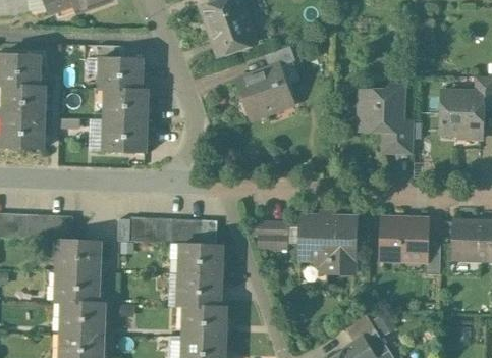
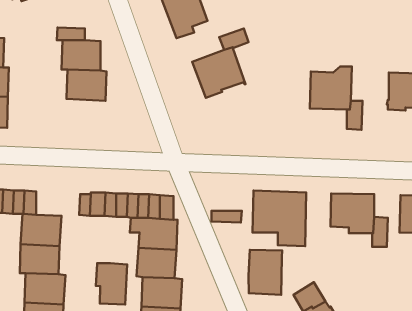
building: [93,118,146,153] -> none
building: [251,220,288,237] -> none
building: none -> [249,250,282,295]
building: none -> [96,263,127,305]

